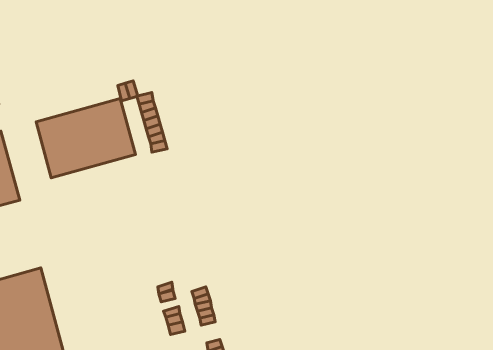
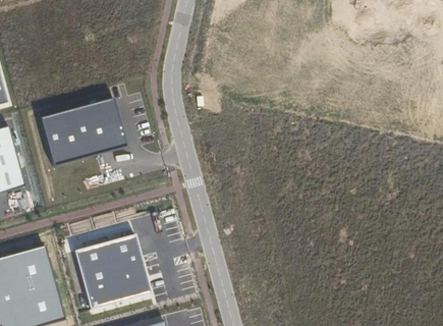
building: none -> [73,232,151,308]

